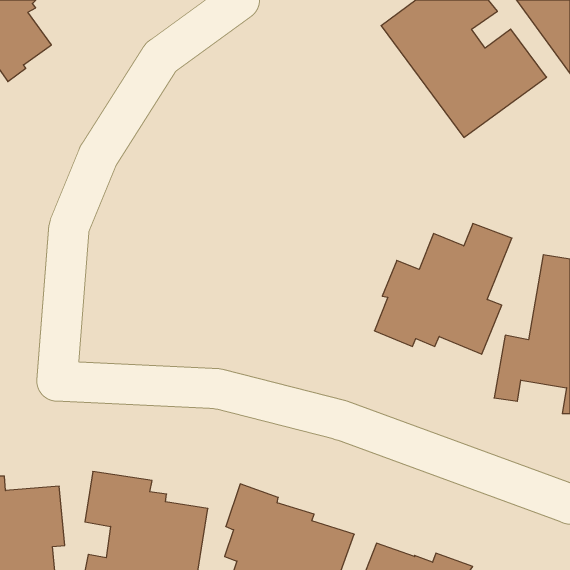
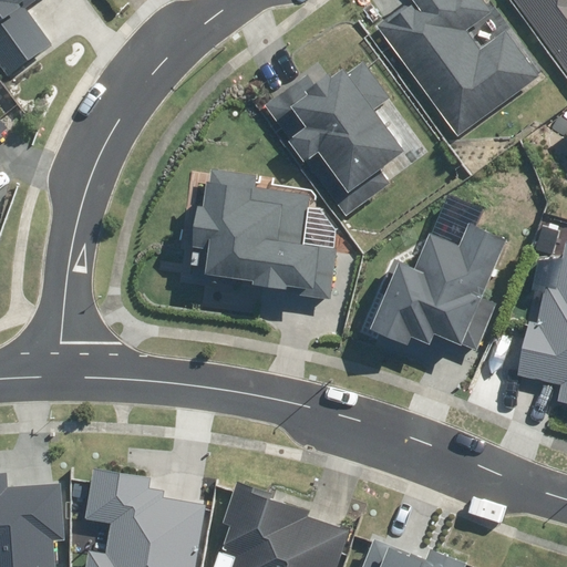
building: none -> [265,61,406,217]
building: none -> [192,168,338,300]

